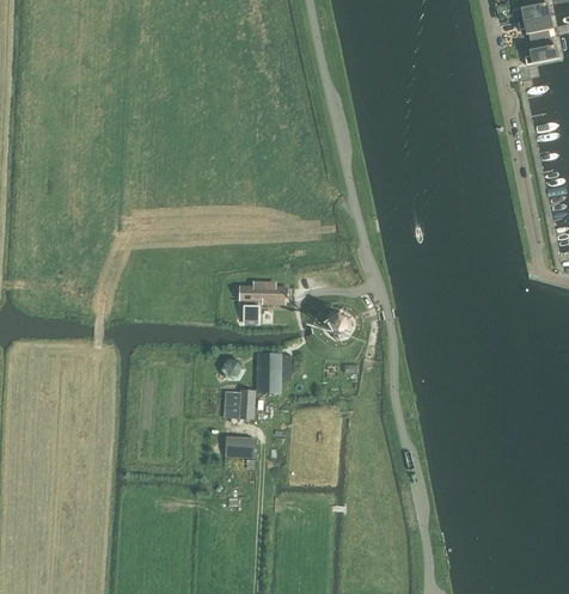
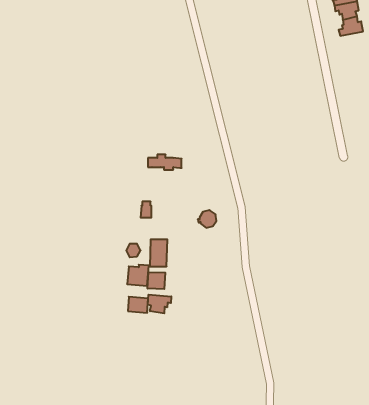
building: [239,281,287,302] -> [148,155,182,170]
building: none -> [148,272,165,289]
building: none -> [148,295,171,313]

